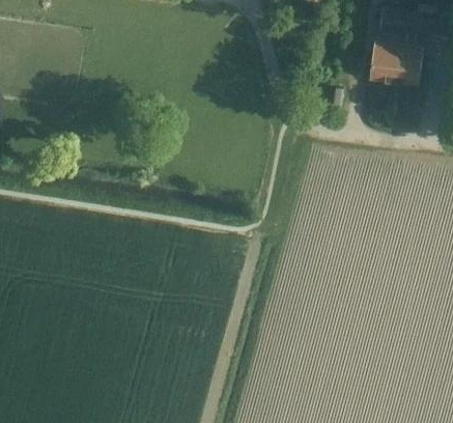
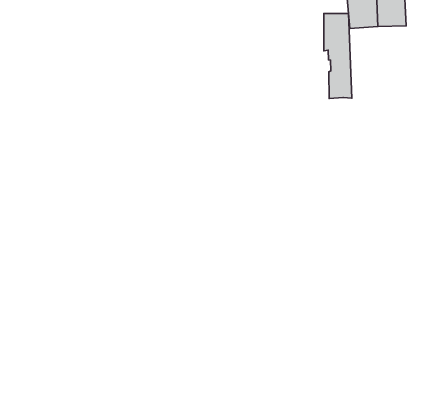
building: none -> [324,13,352,99]

